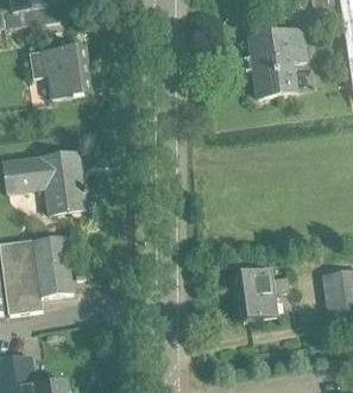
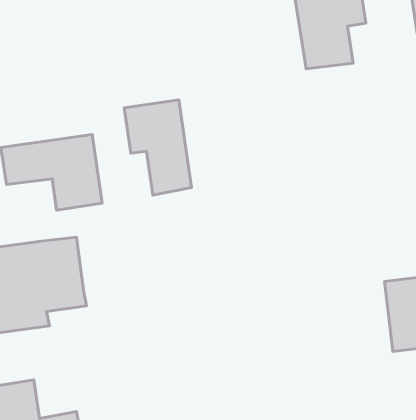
building: [30,44,86,97] -> none
building: none -> [124,100,192,195]
building: [237,268,290,319] -> none

